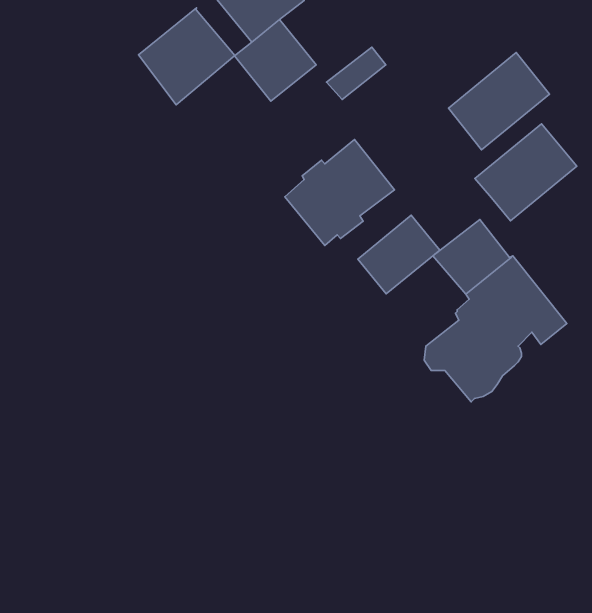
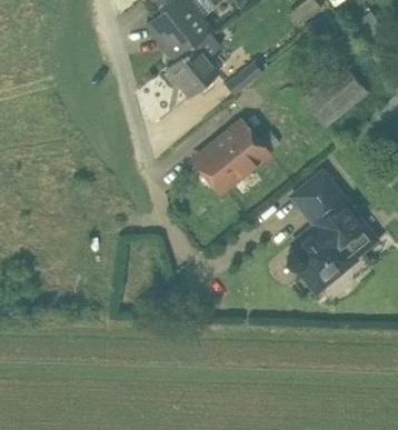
building: [138,8,235,105] -> none
building: [475,124,577,221] -> none
building: [358,215,440,294] -> none

